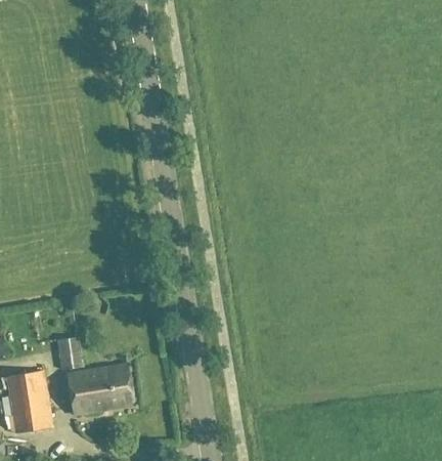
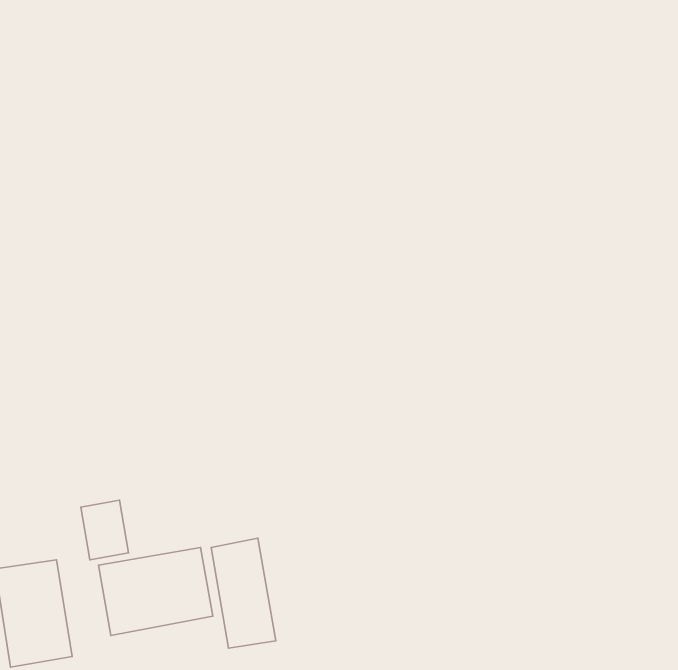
building: none -> [211,538,276,648]

